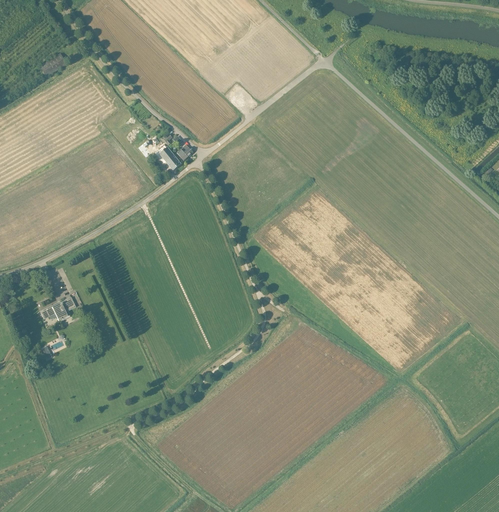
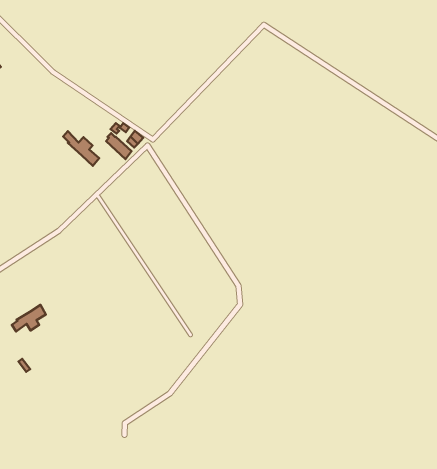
building: none -> [63,131,99,166]

